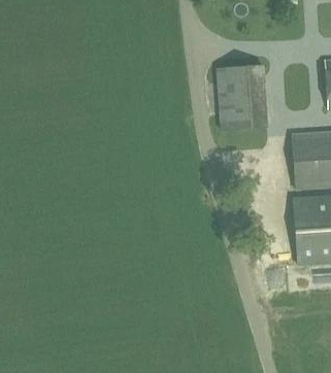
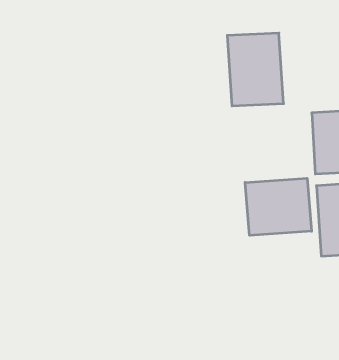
building: none -> [245,178,312,235]

